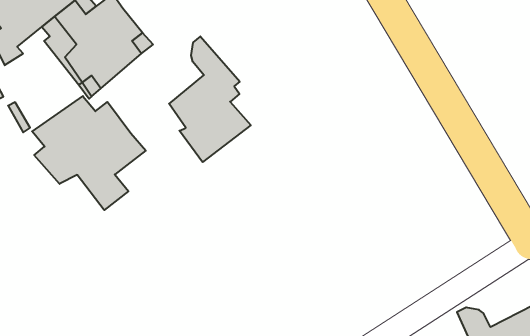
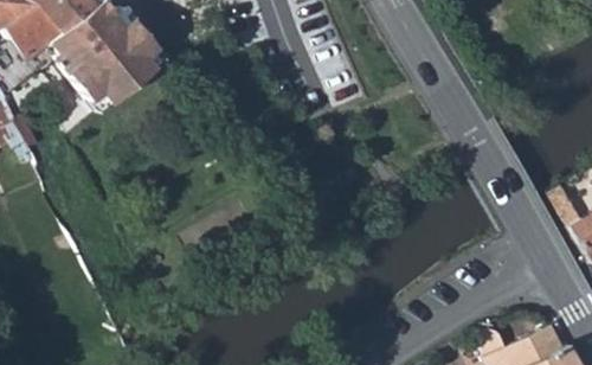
building: [169,36,251,162] -> none
building: [32,96,146,210] -> none

